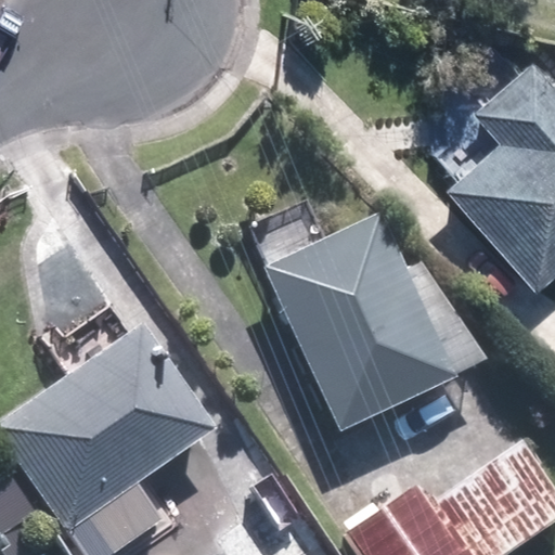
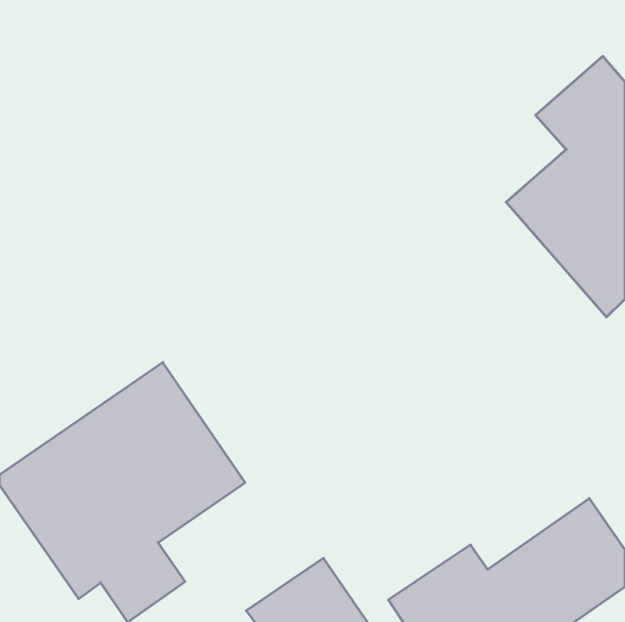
building: [266,214,459,433] -> none

